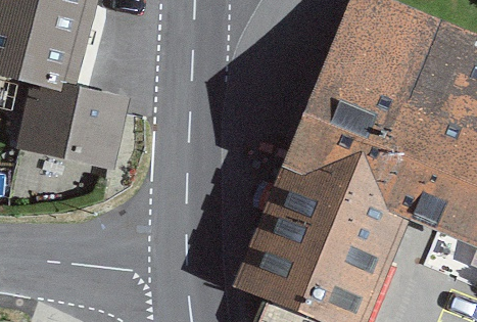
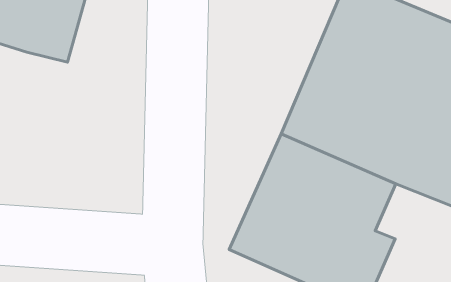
building: [9,75,132,180] -> none

